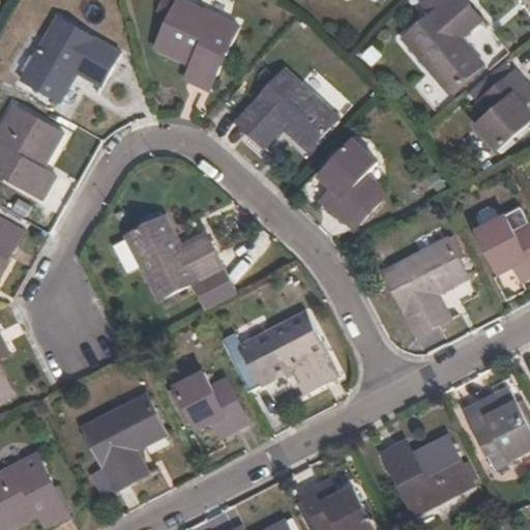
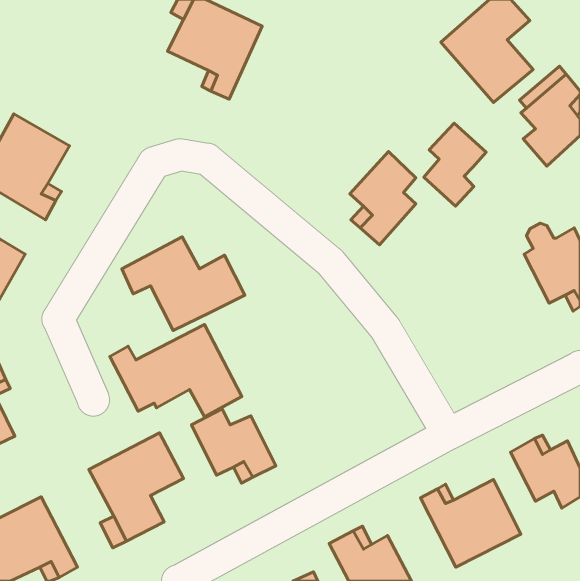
building: [20,14,120,101] -> none
building: [235,67,340,151] -> none
building: none -> [424,123,486,206]
building: [382,237,469,336] -> none
building: [192,268,236,308] -> none
building: [219,312,340,395] -> [110,325,242,417]

